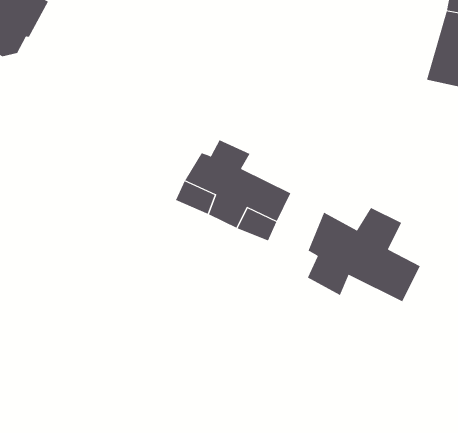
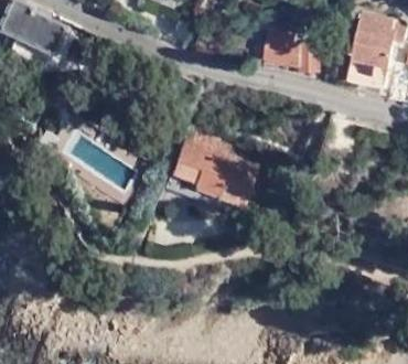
building: none -> [265,32,323,74]
building: [307,207,421,302] -> none

